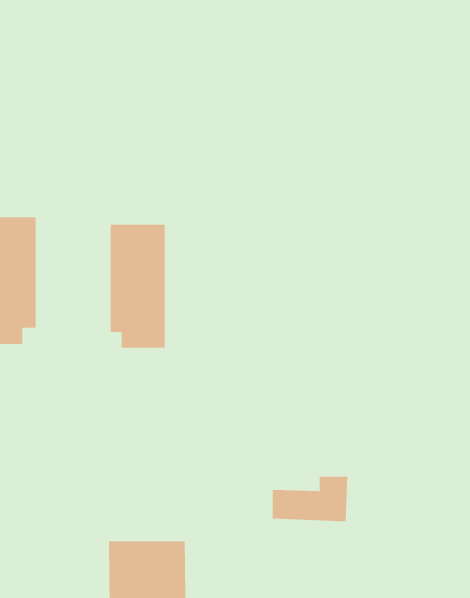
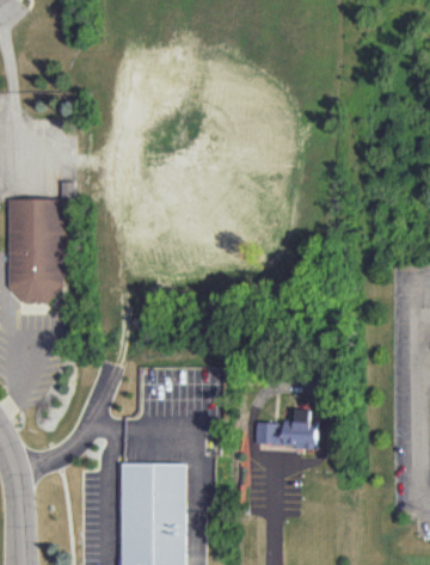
building: [110,224,165,349] -> none

